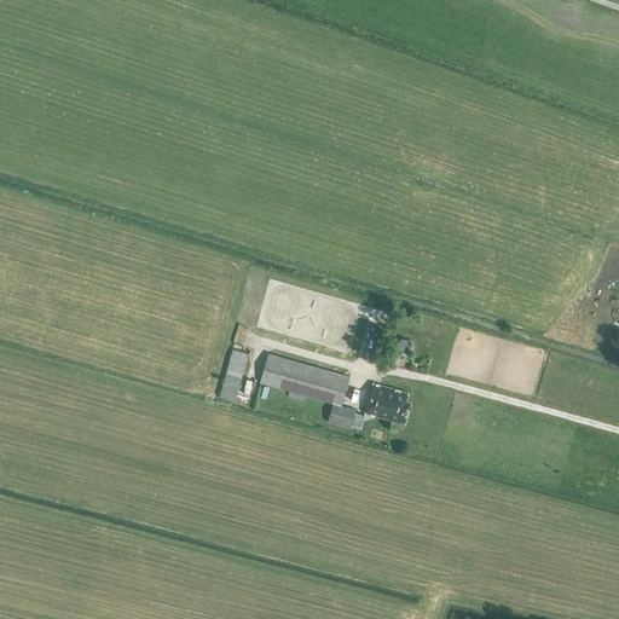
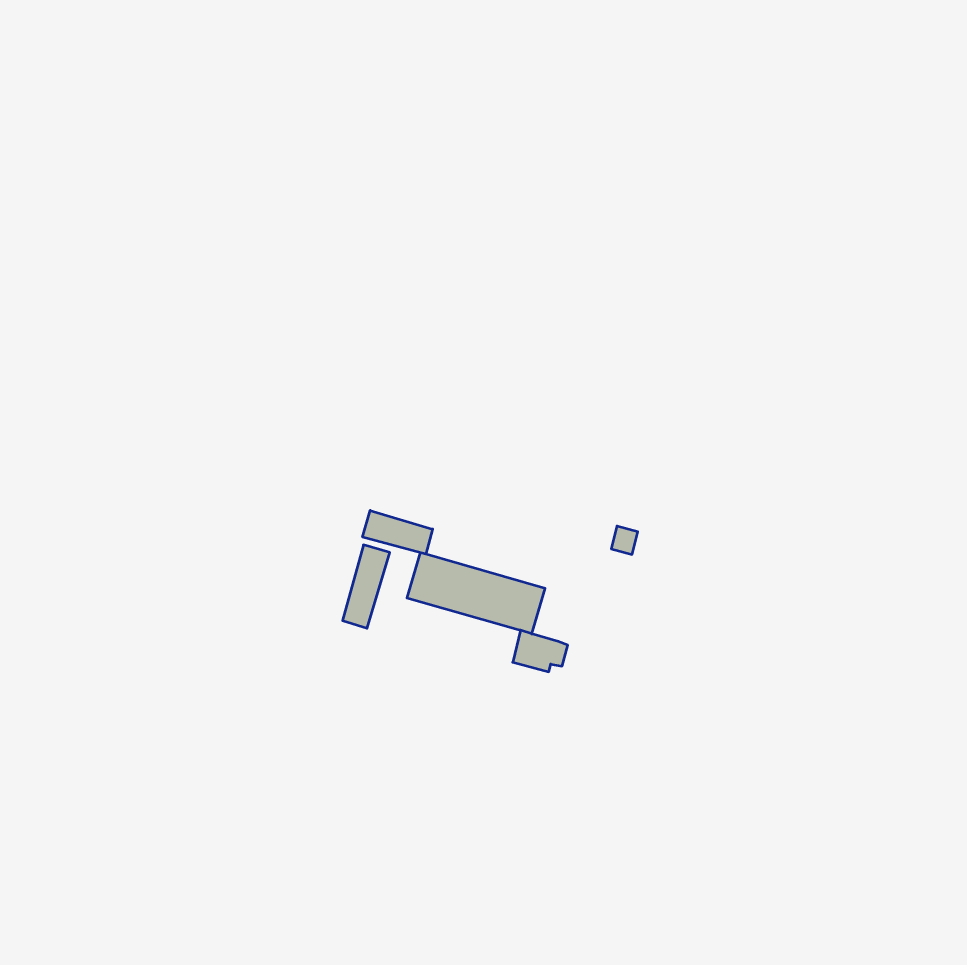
building: none -> [363,510,433,554]
building: [364,384,410,433] -> none

